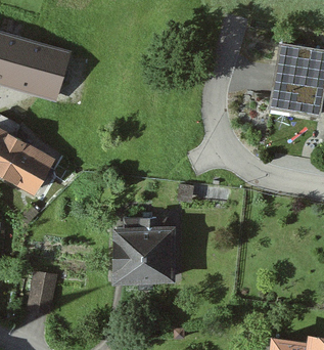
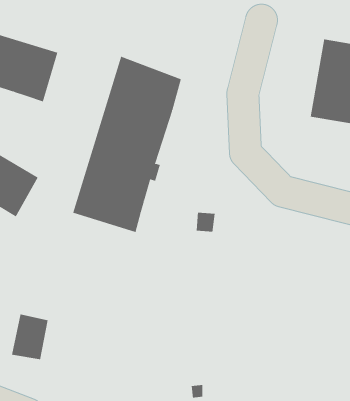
building: none -> [73,56,181,233]
building: [119,223,174,283] -> none

